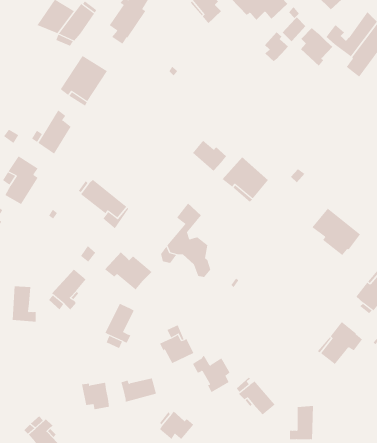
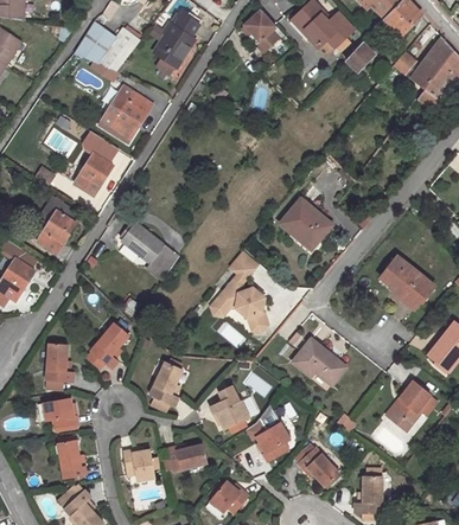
building: [300,27,333,67] -> none
building: [264,32,289,62] -> none
building: [192,140,227,172] -> none
building: [104,251,153,291] -> none
building: none -> [293,339,346,385]
building: none -> [44,398,77,428]
building: none -> [57,440,87,478]

